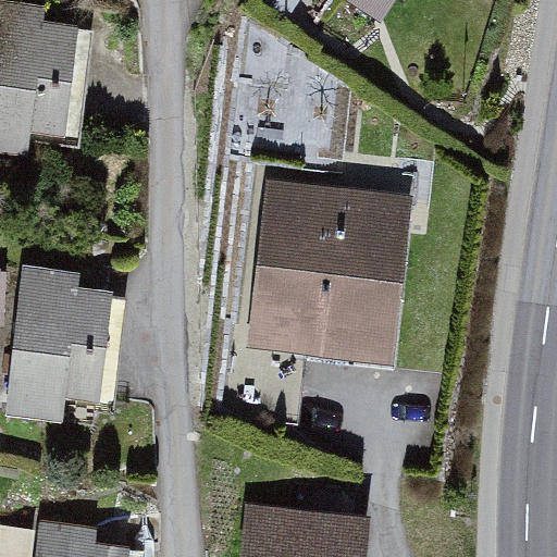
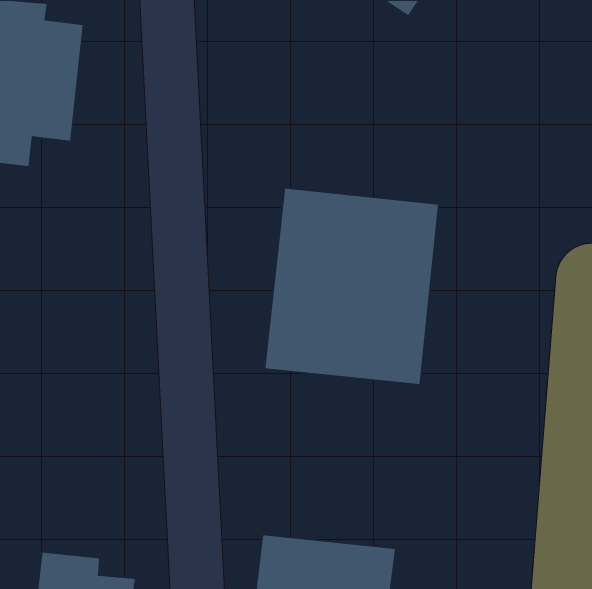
building: [5,267,111,422] -> none

